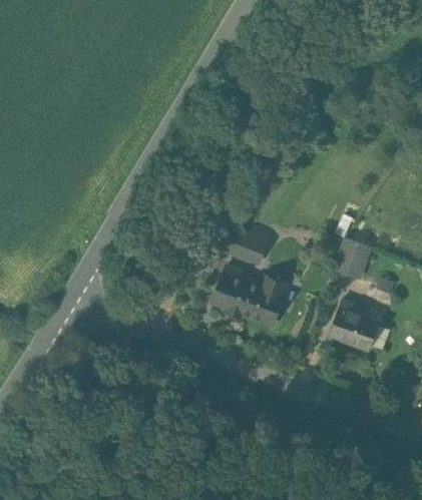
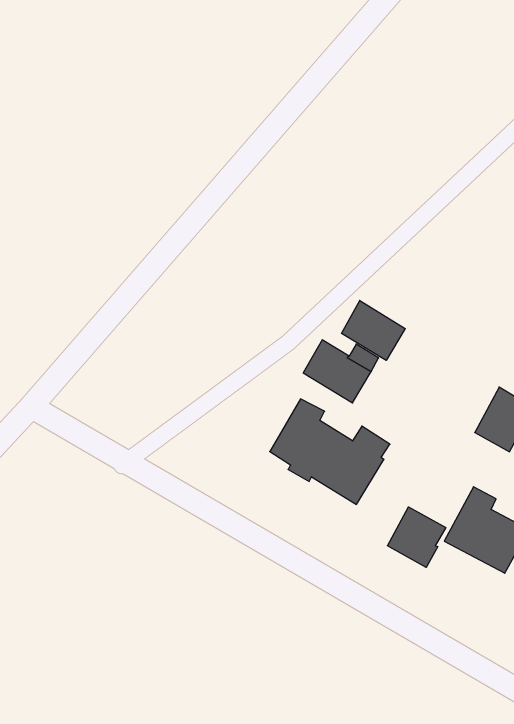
building: none -> [342,300,405,360]
building: none -> [387,507,446,567]

